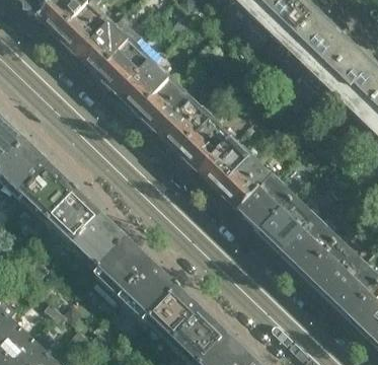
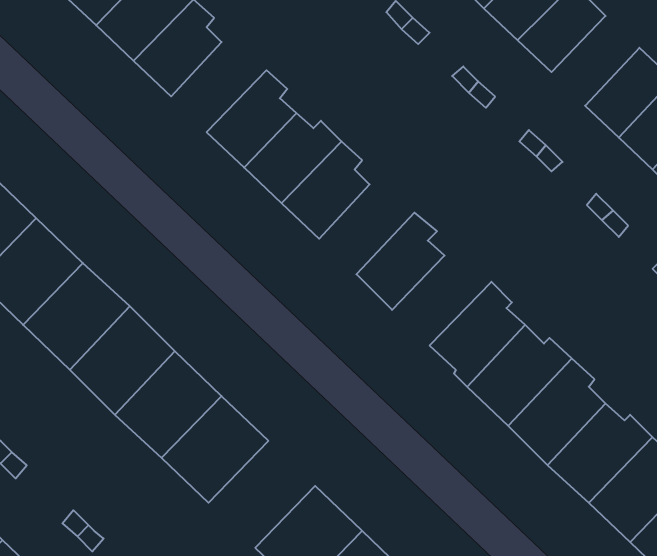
building: [313,39,361,87] -> none
building: [107,53,159,101] -> none
building: [187,130,239,178] -> none
building: [227,168,281,217] -> none
building: [128,269,185,326] -> none

